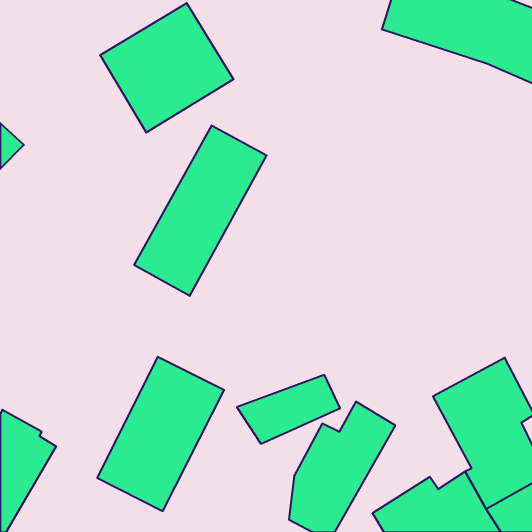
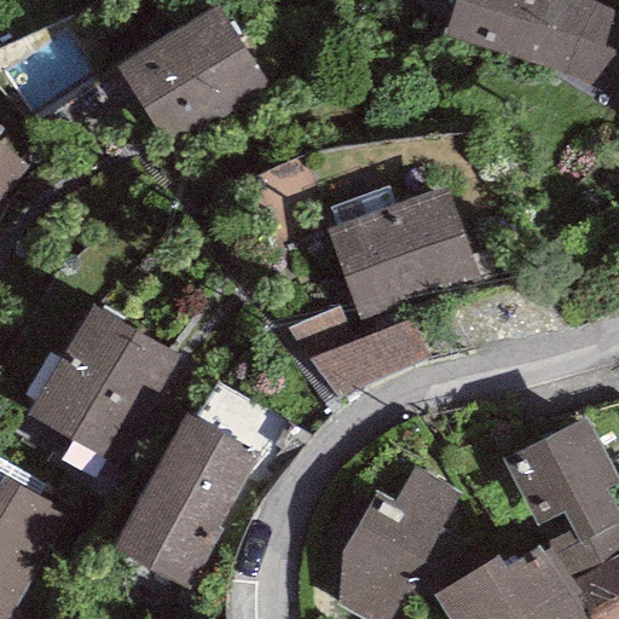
building: [134,125,267,296] -> none
building: none -> [326,187,479,319]
building: none -> [29,305,186,456]
building: [237,375,340,444] -> [310,319,429,399]

